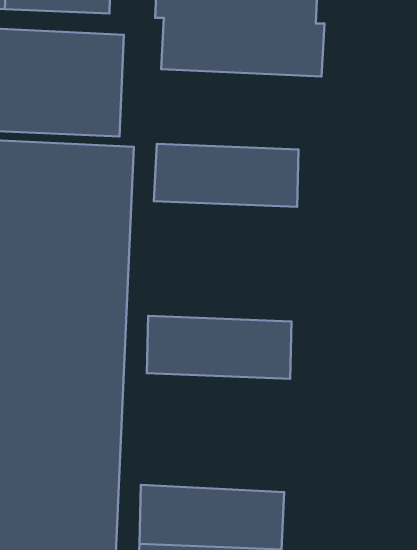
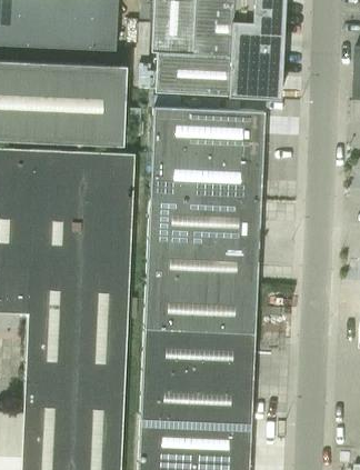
building: none -> [152,107,264,156]
building: none -> [146,196,261,289]
building: none -> [140,329,256,421]

